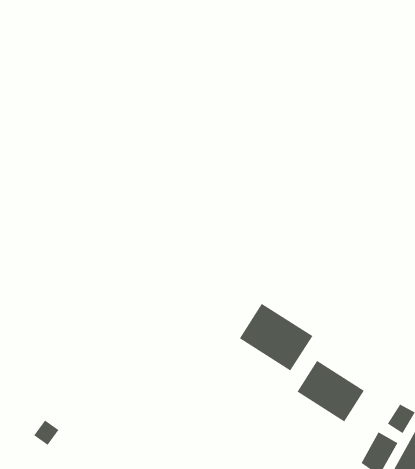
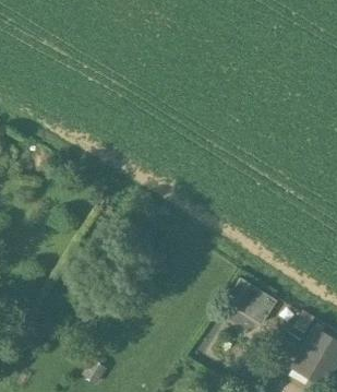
building: [239,303,313,372] -> none

